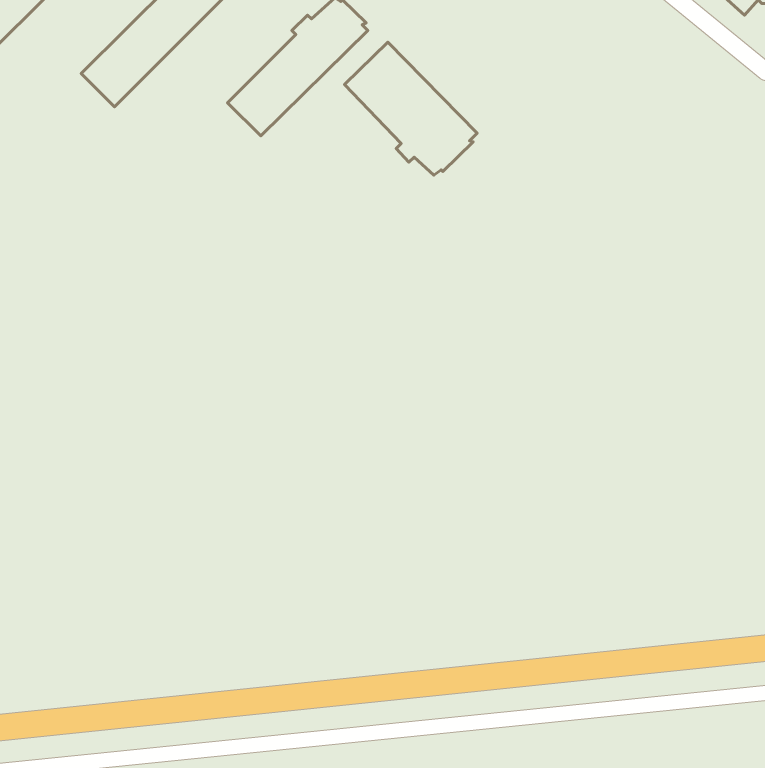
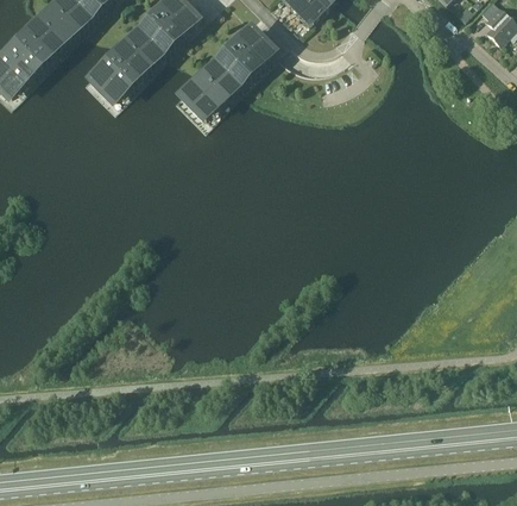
building: [345,42,477,175] -> none

